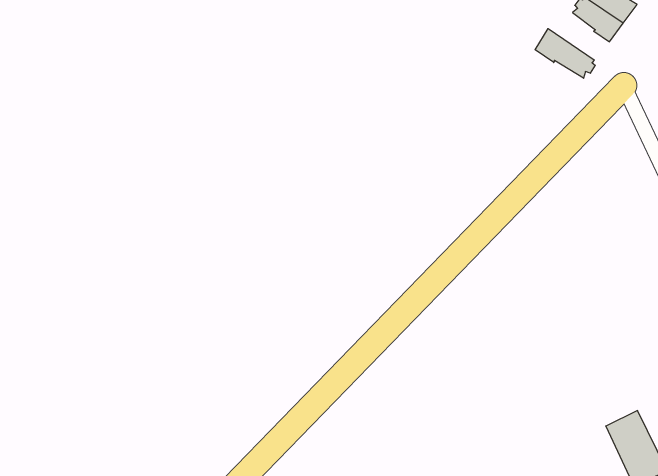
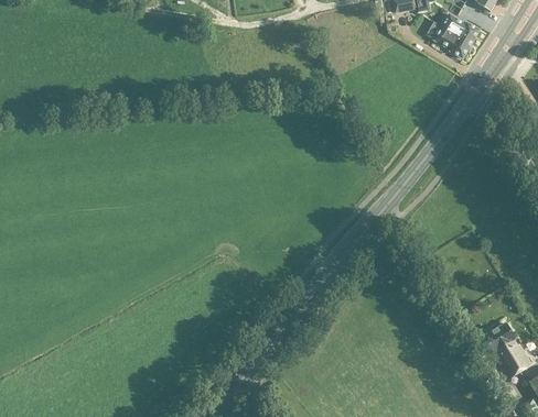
building: [535,29,595,78] -> none

